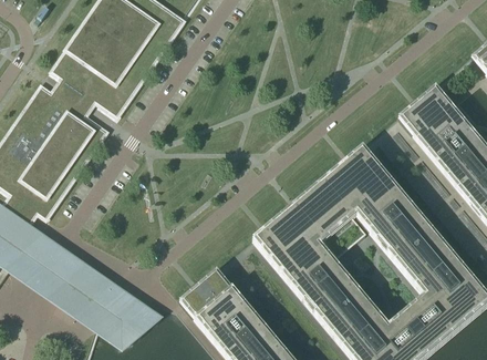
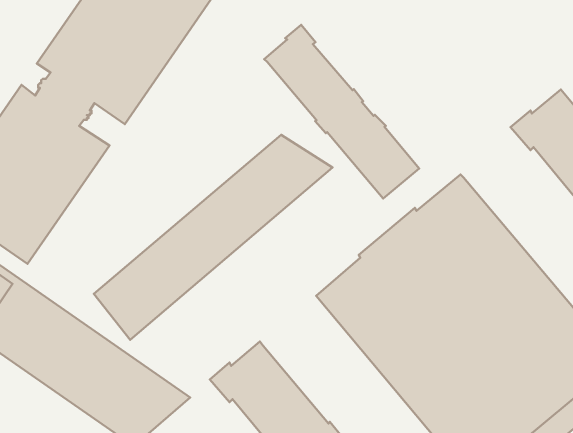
building: none -> [264,25,419,198]
building: none -> [94,135,332,340]

